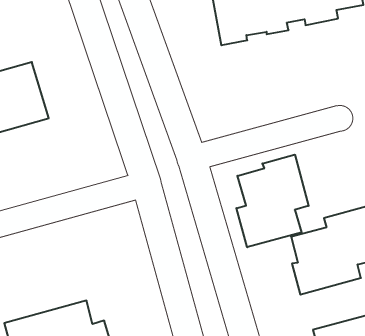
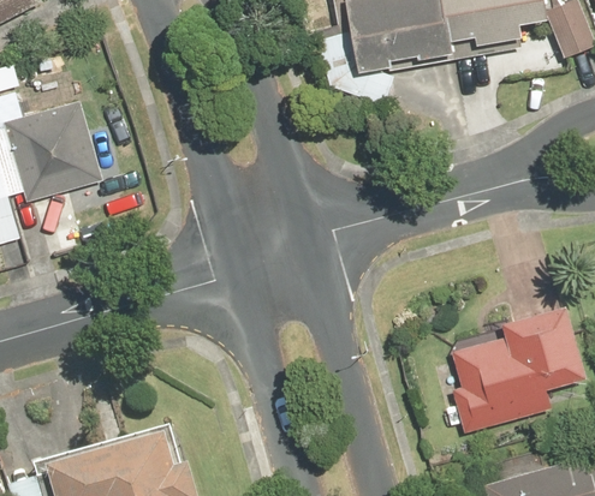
building: [236,155,309,247] -> none

